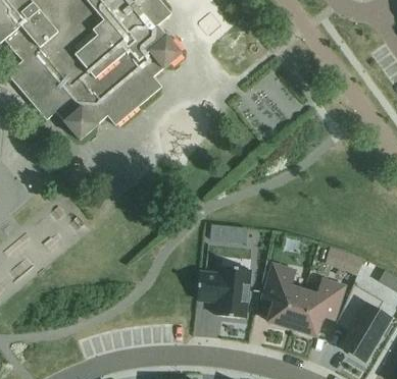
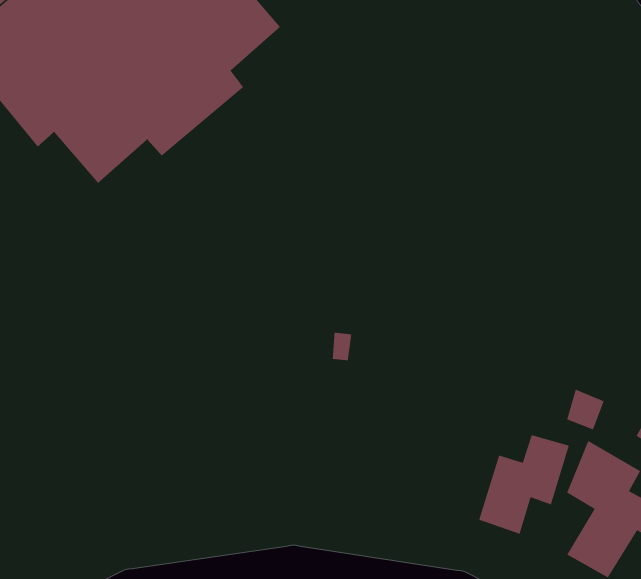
building: [263,264,303,327] -> none
building: [197,266,249,317] -> none

